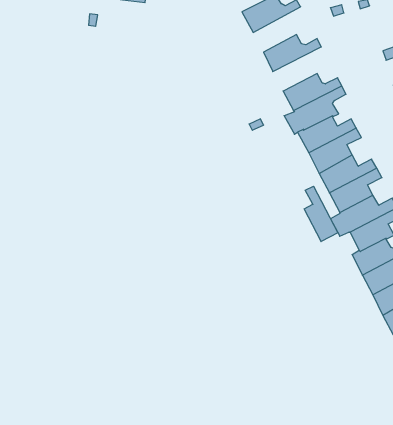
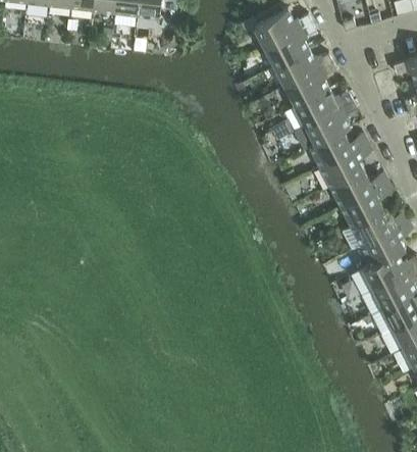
building: none -> [264,20,315,65]
building: none -> [283,60,335,104]
building: [304,186,338,242] -> none

